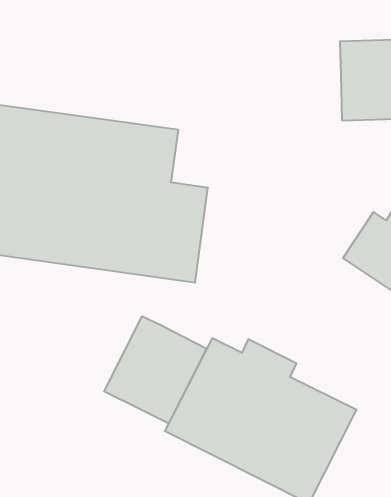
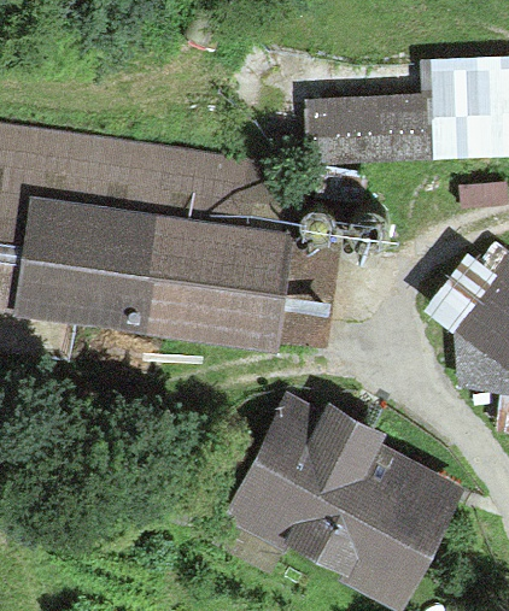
building: none -> [309,107,432,161]
building: [104,316,206,424] -> none

